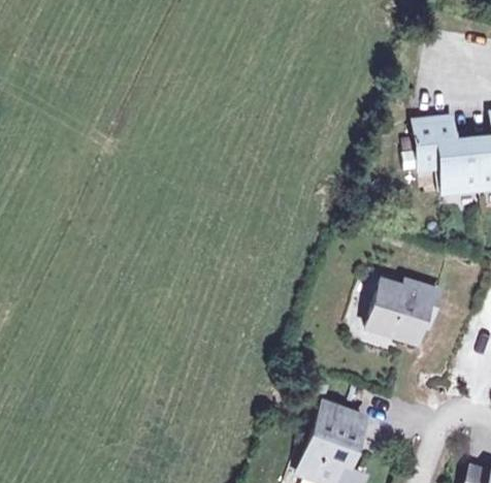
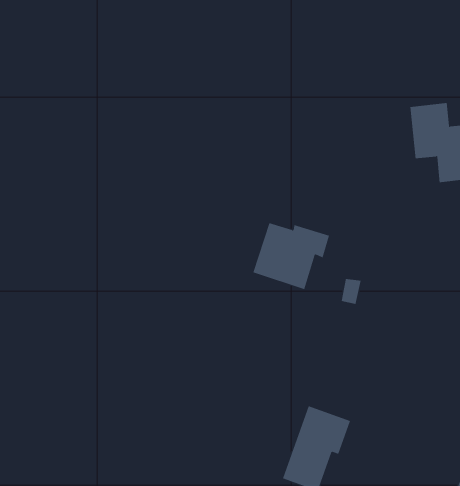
building: [366,281,439,345] -> [252,222,330,290]

